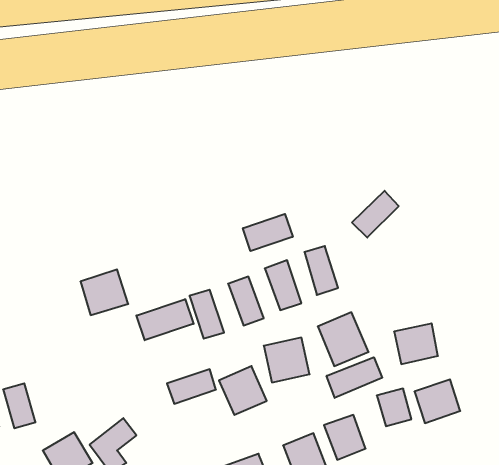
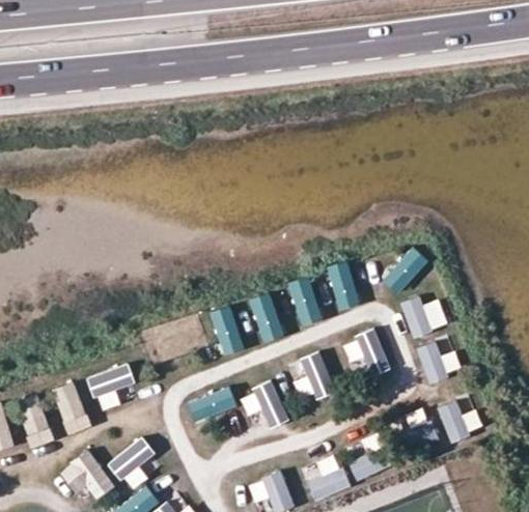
building: [352,191,399,238] -> [381,247,428,294]
building: [243,214,293,251] -> none
building: [80,269,128,315] -> [88,364,137,410]
building: none -> [399,293,447,337]
building: [136,299,194,340] -> none
building: [327,357,382,398] -> none
building: none -> [51,381,90,434]

